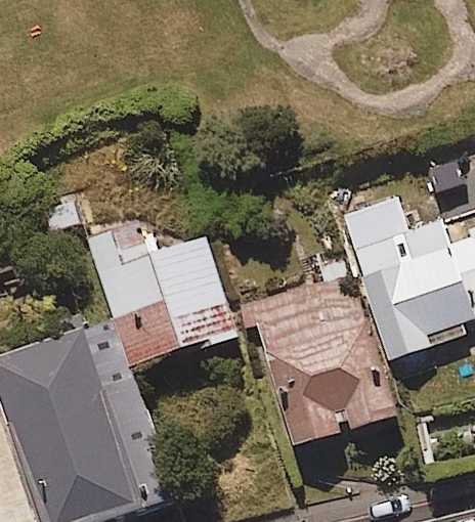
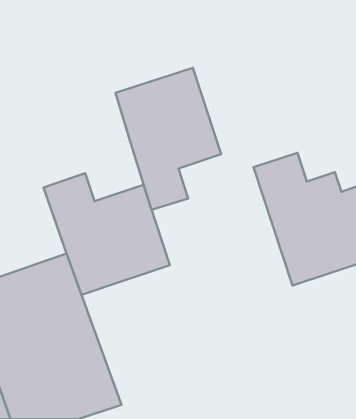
building: none -> [115,68,221,210]
building: [246,256,391,444] -> none

